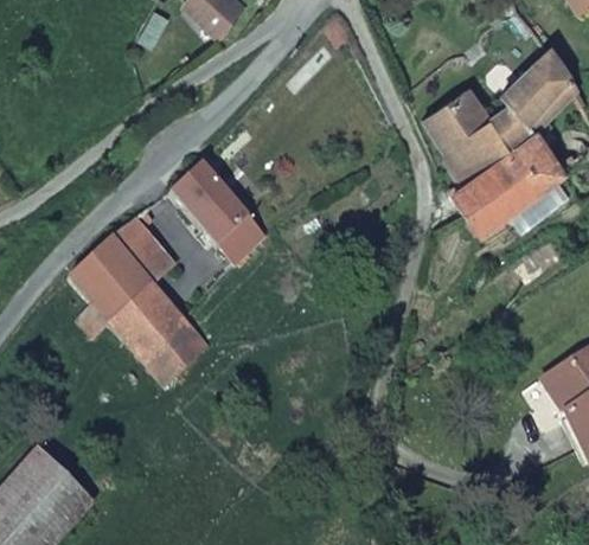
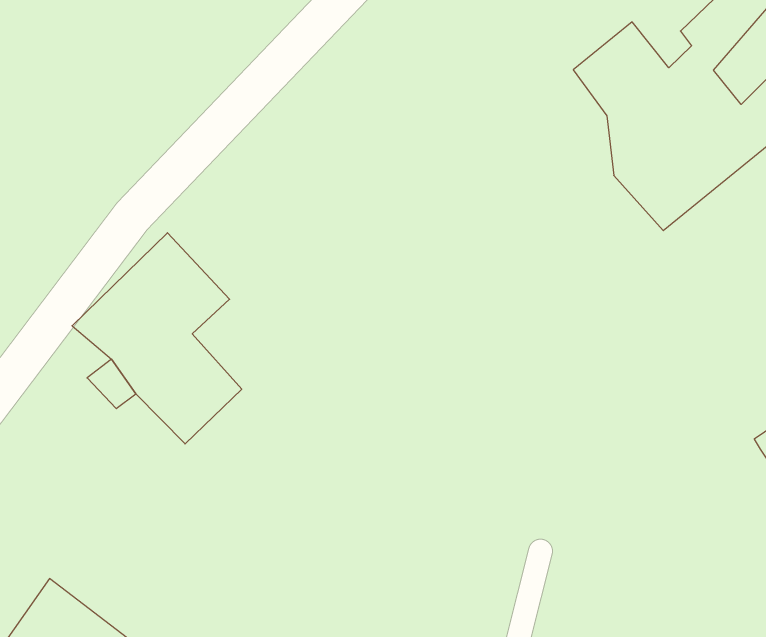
building: [168,160,269,258] -> none
building: [142,325,205,386] -> none

